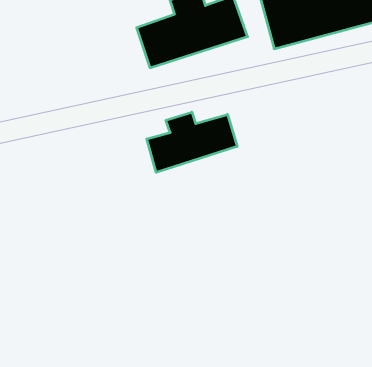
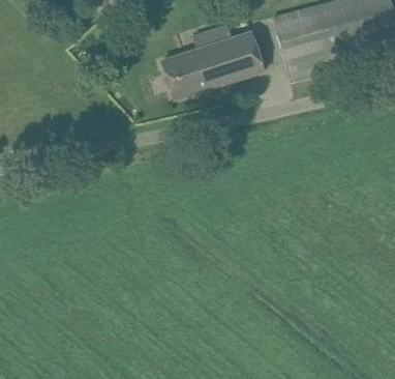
building: [147,112,237,172] -> none

